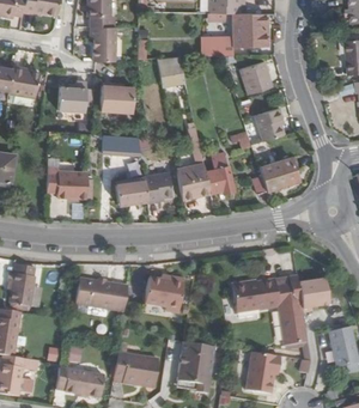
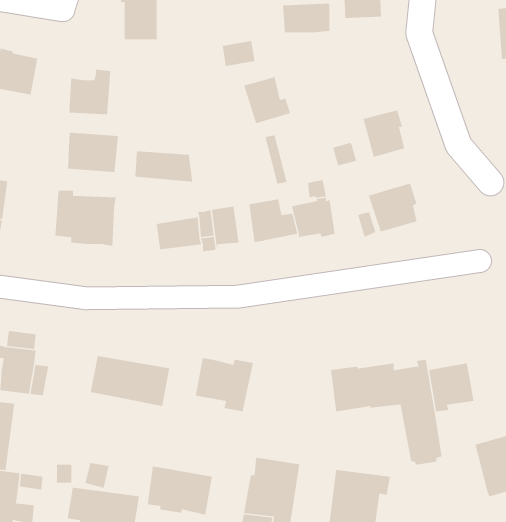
building: [238,62,270,95] -> [243,76,291,124]
building: [99,86,134,114] -> [67,132,119,173]

